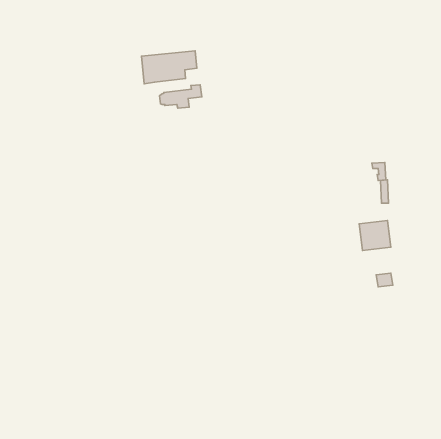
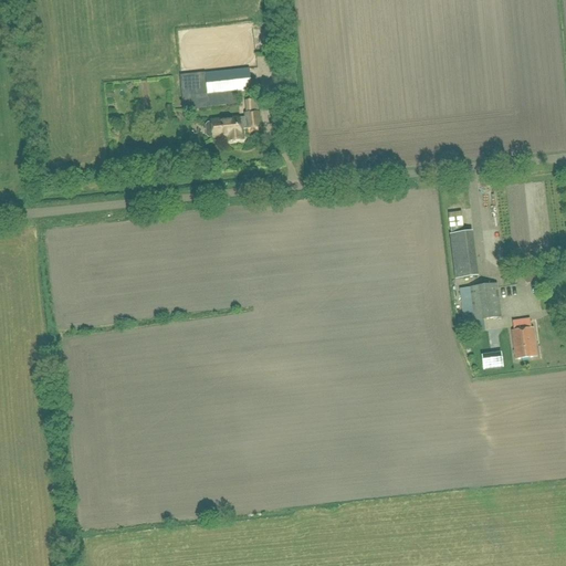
building: none -> [452,227,480,273]
building: none -> [510,325,535,357]

